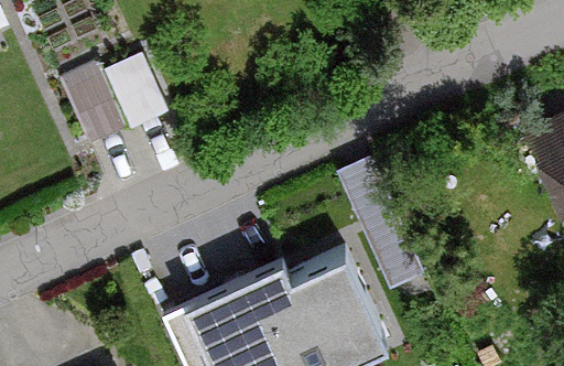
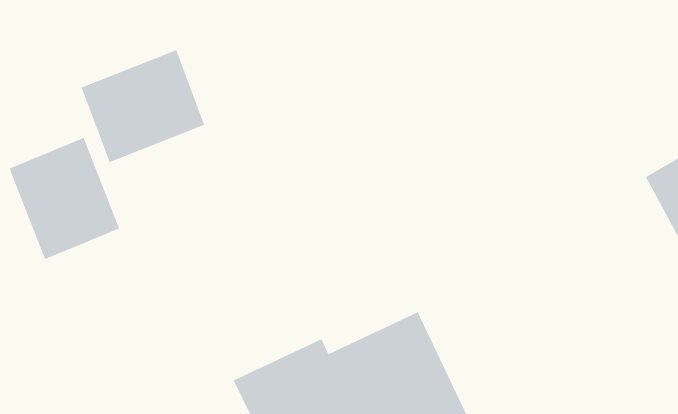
building: none -> [8,137,120,260]

